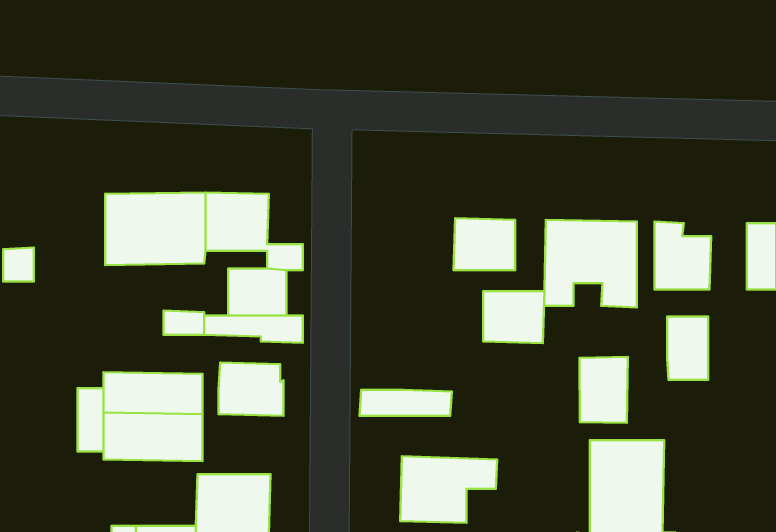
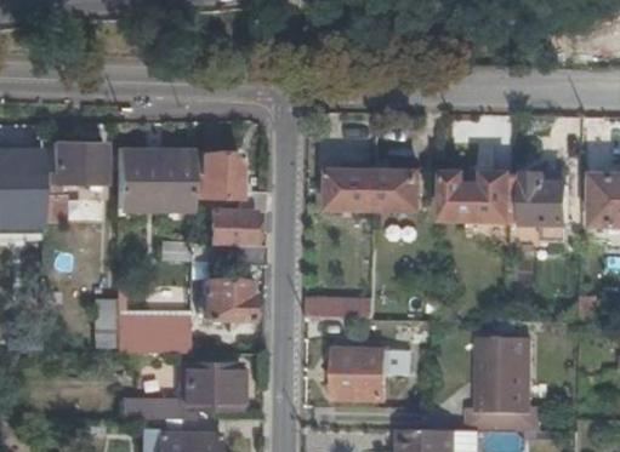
building: none -> [52,141,102,182]
building: [483,291,545,343] -> [331,172,377,211]
building: [667,317,708,380] -> none
building: [579,357,628,423] -> none

